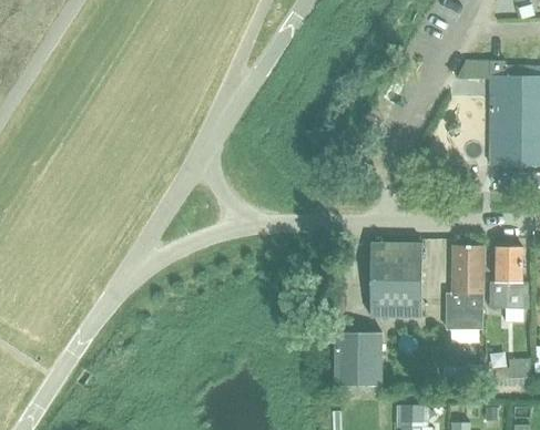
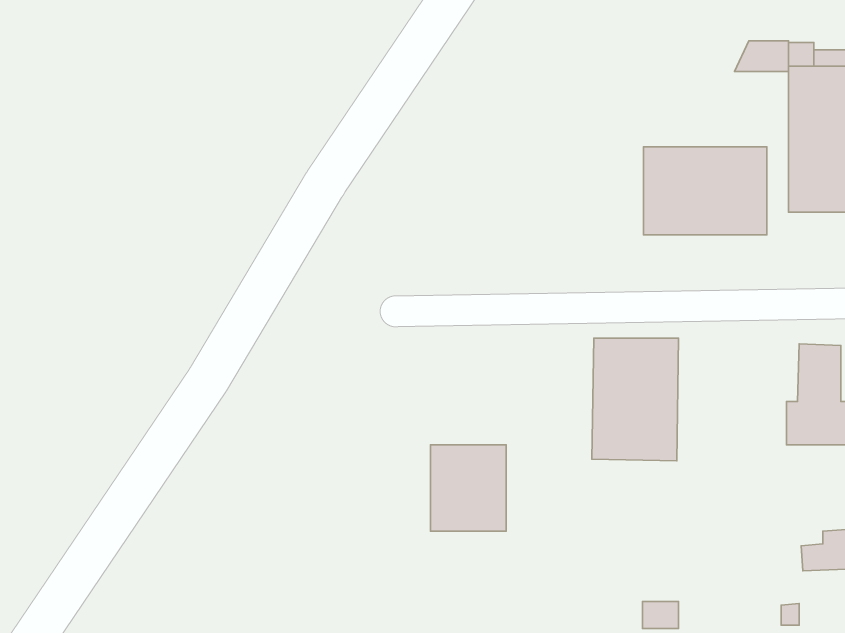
building: none -> [643,147,767,235]
building: [447,245,483,332] -> none
building: [335,332,381,386] -> [431,445,506,531]

